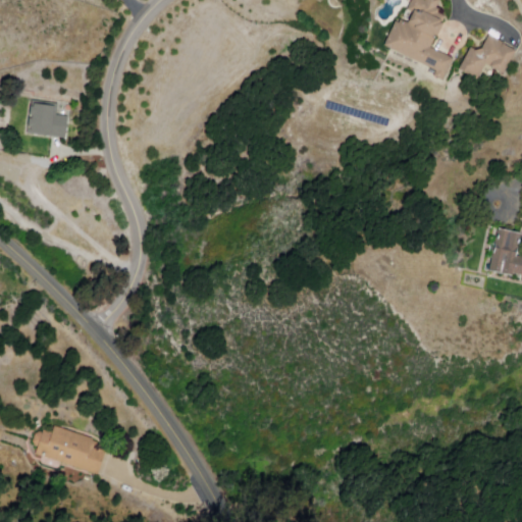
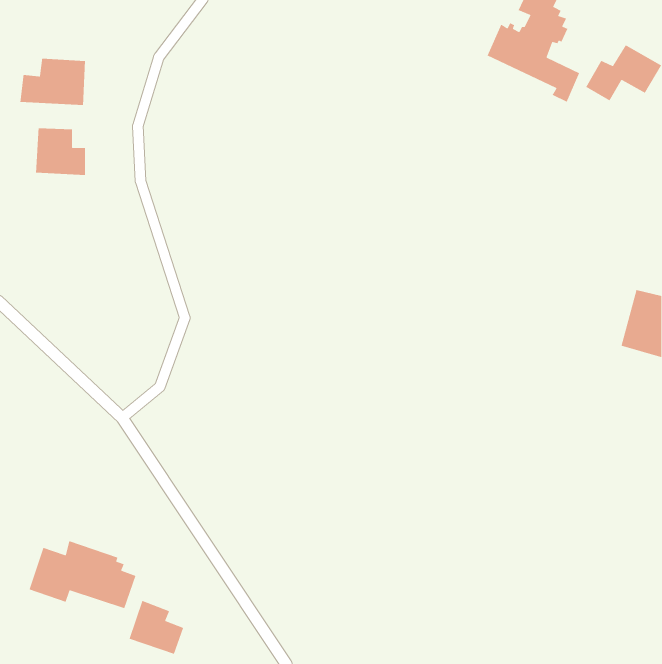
building: none -> [20,58,86,106]
building: none -> [128,600,184,655]

